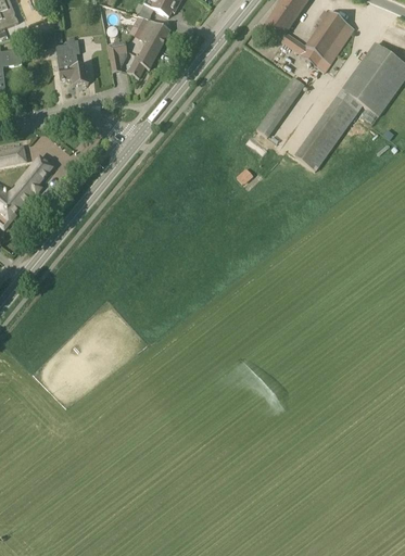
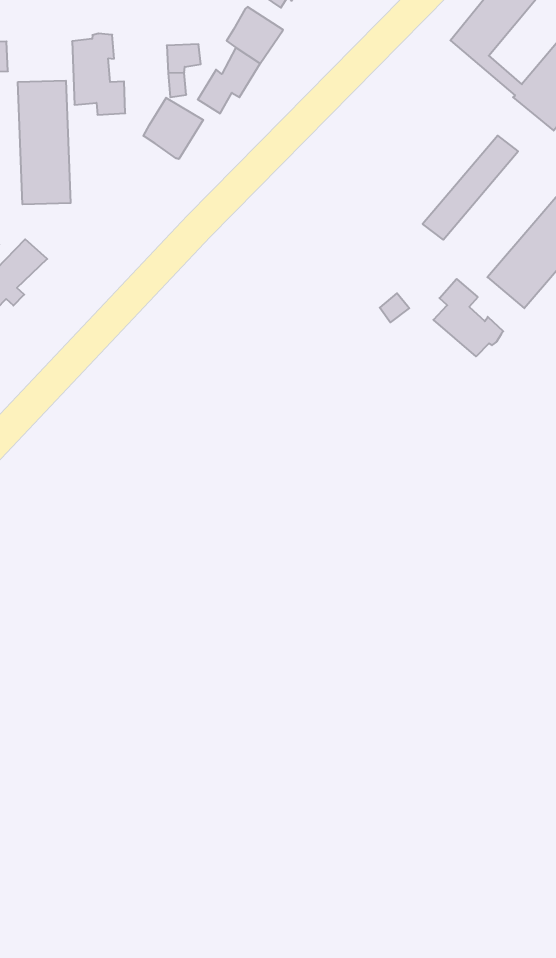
building: none -> [18,81,71,204]
building: none -> [143,98,203,159]
building: none -> [433,279,503,356]

